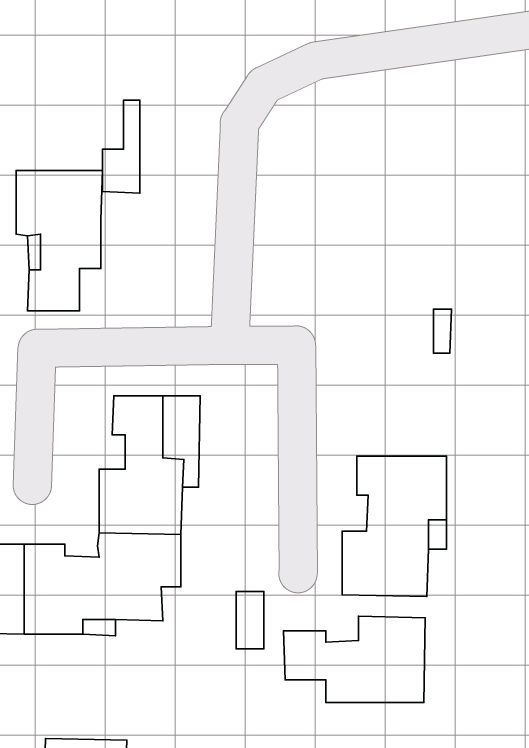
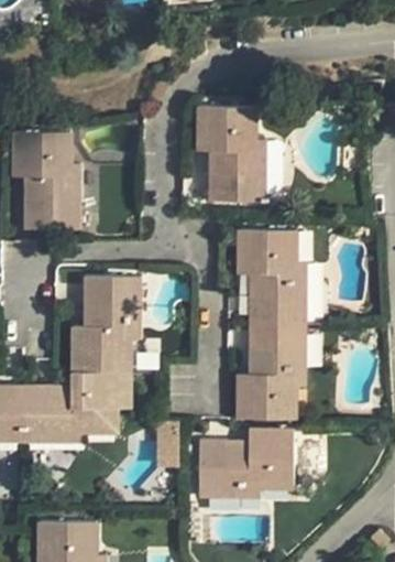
building: [102,100,140,193] -> [61,165,86,228]
building: none -> [197,107,265,203]
building: none -> [239,229,309,325]
building: none -> [199,476,260,501]

